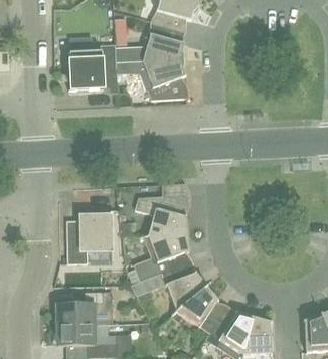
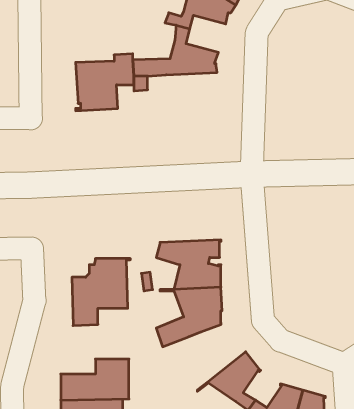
building: [139,59,185,100] -> none
building: [160,270,206,317] -> none

